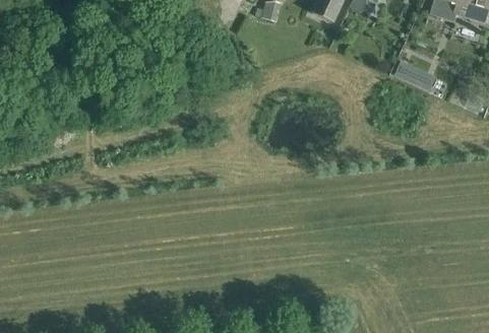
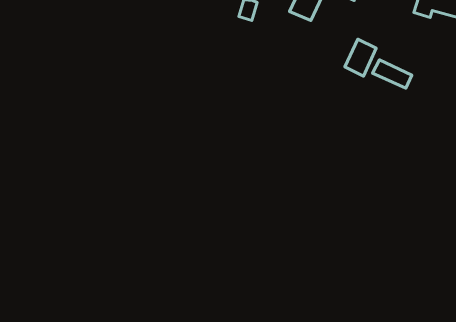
building: none -> [345,39,376,76]

